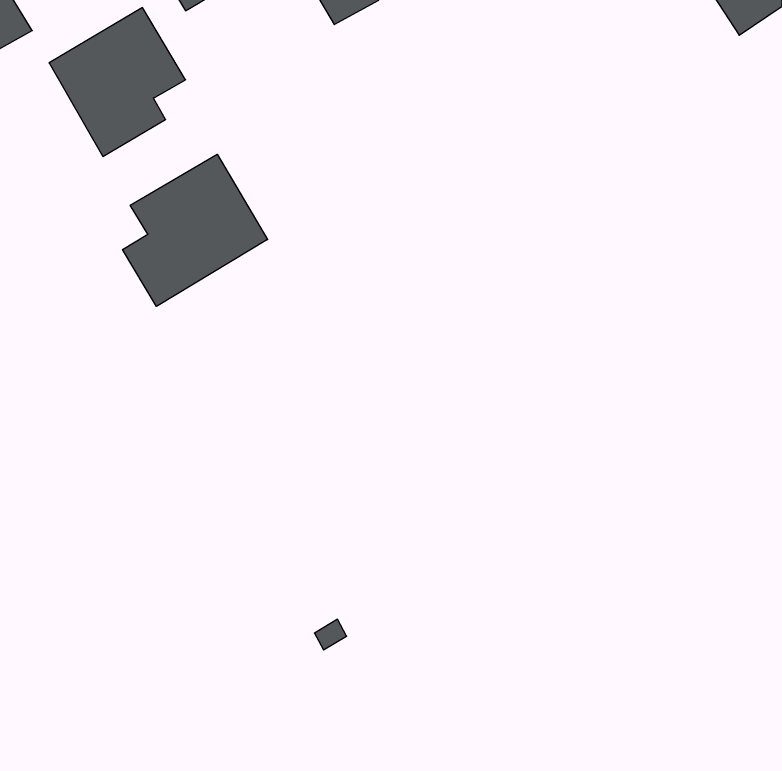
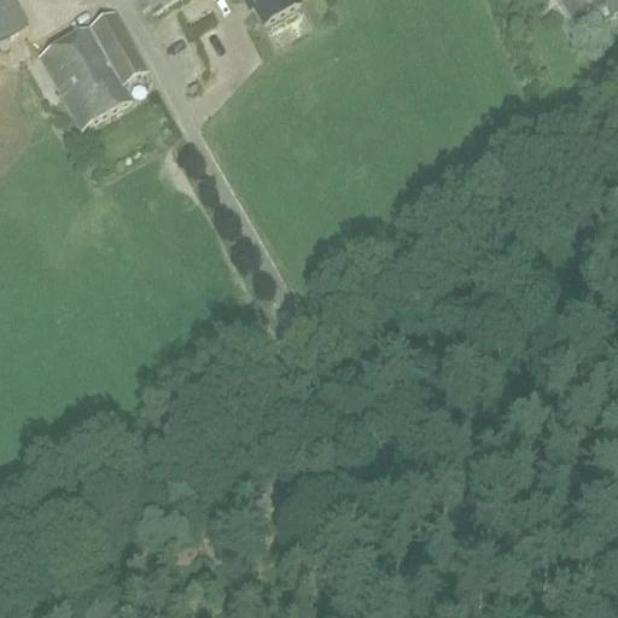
building: [123,154,268,306] -> none

